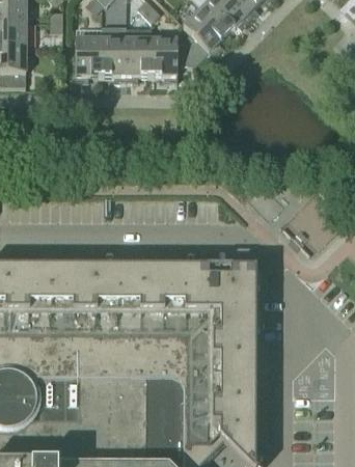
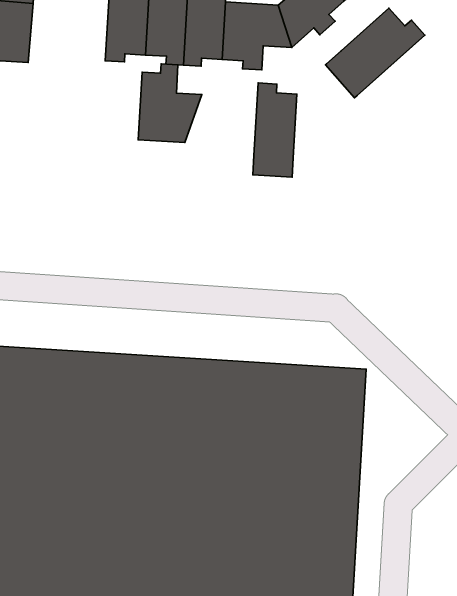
building: none -> [325,8,425,98]
building: none -> [138,64,202,143]
building: none -> [253,83,297,177]

